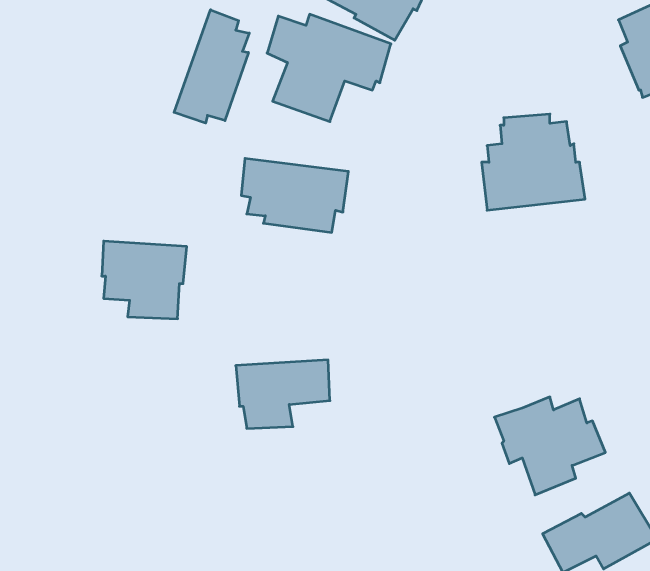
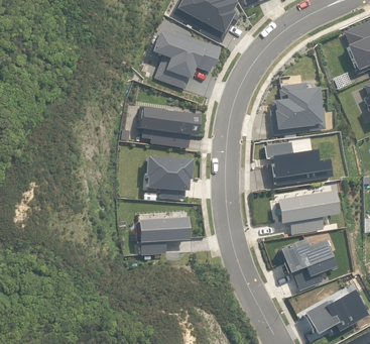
building: [174,10,249,123] -> none
building: none -> [265,139,334,180]
building: [102,241,187,319] -> [147,154,194,197]
building: none -> [276,191,338,235]

